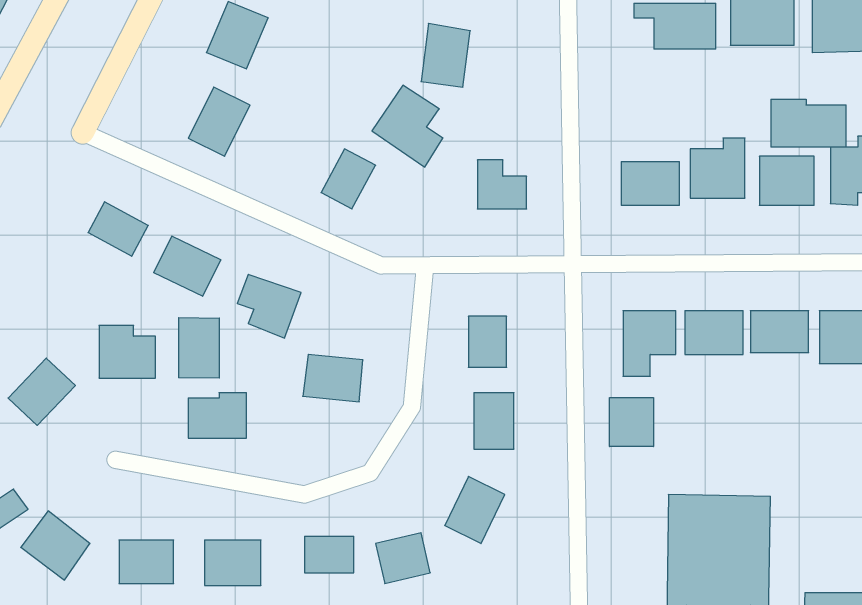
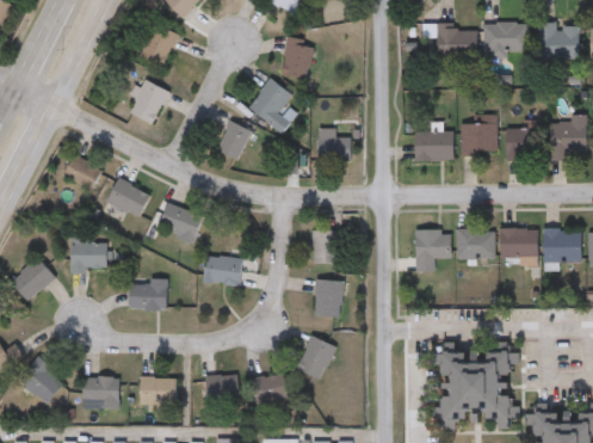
building: [771,99,846,147] -> none
building: [179,318,219,378] -> none
building: [610,398,653,447] -> none

